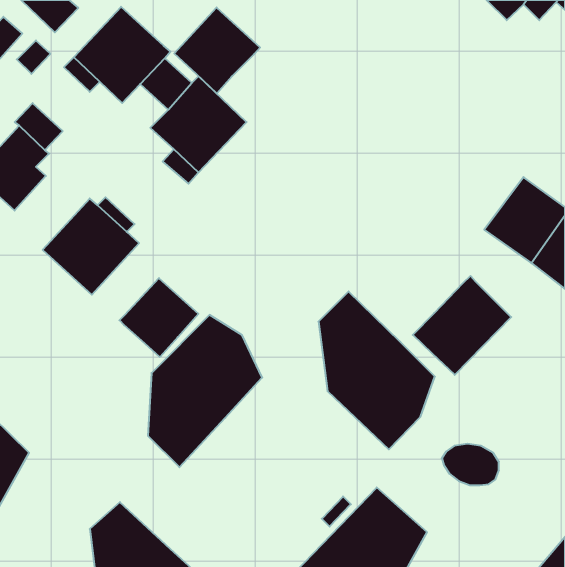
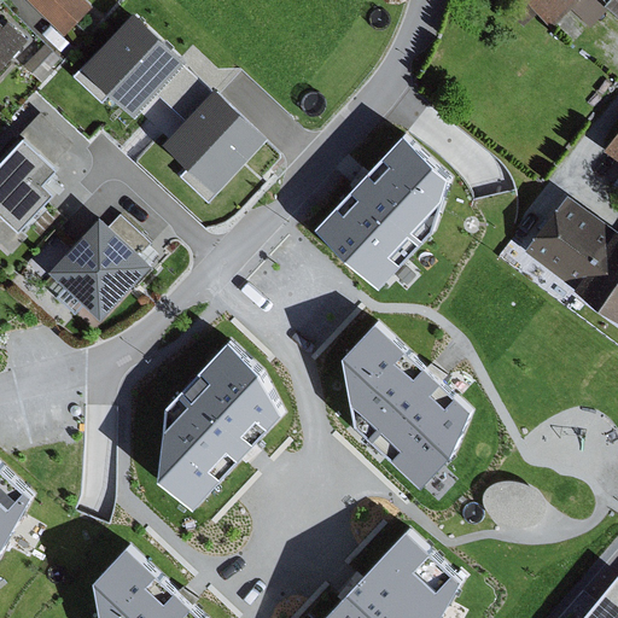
building: [174,7,260,94] -> none
building: none -> [316,134,451,286]
building: [413,276,511,375] -> none
building: [119,278,198,357] -> none

